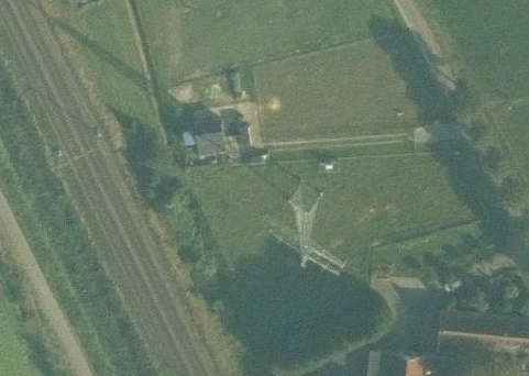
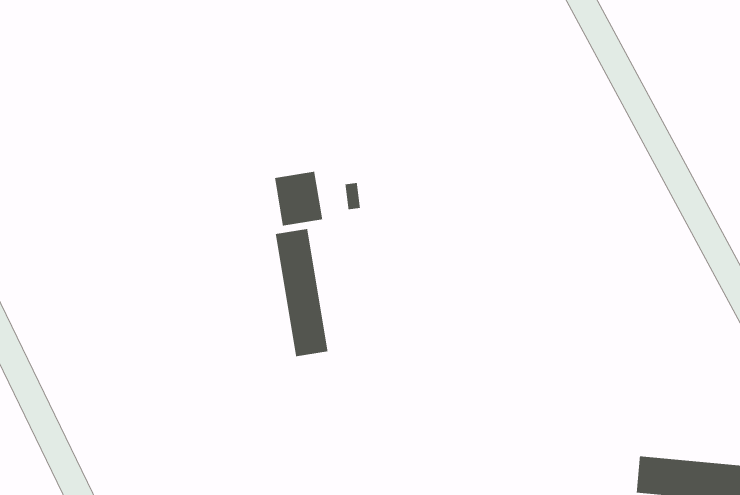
building: none -> [275,228,329,357]

